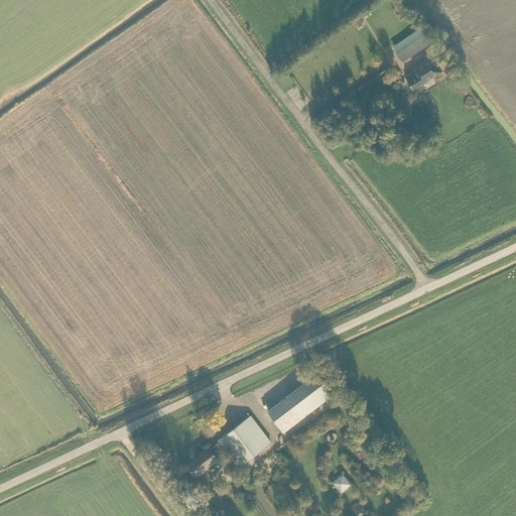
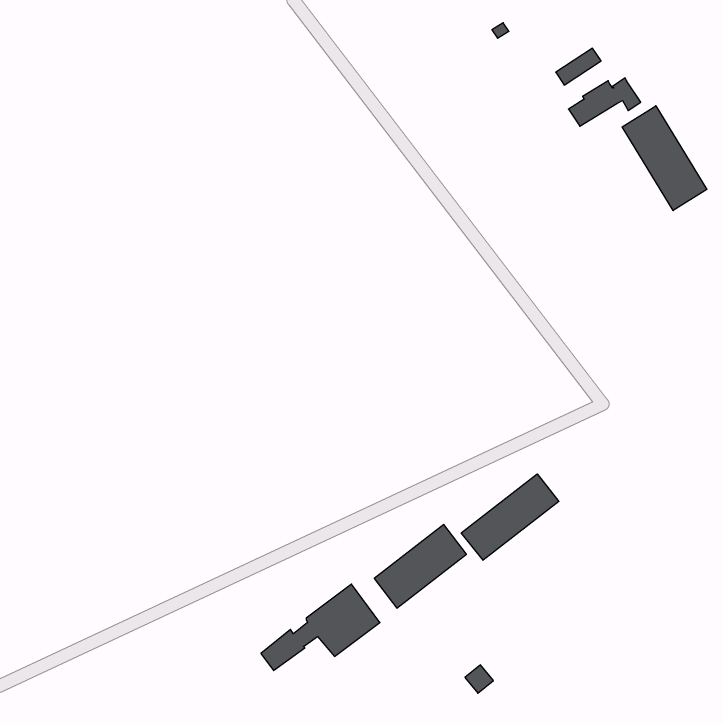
building: none -> [622,106,707,211]
building: none -> [461,474,559,560]

